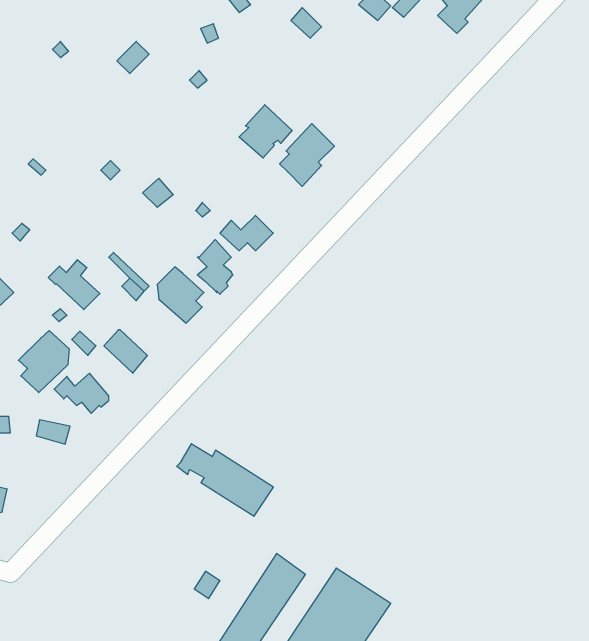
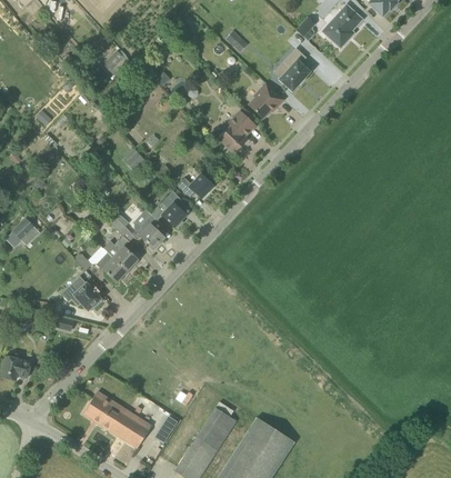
building: none -> [279,48,310,91]
building: [239,105,292,158] -> [247,81,283,118]
building: [48,260,100,310] -> [102,236,138,270]
building: [18,331,69,393] -> none
building: [177,444,273,516] -> [83,397,150,447]

